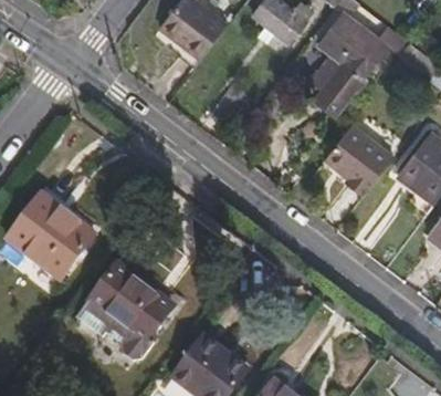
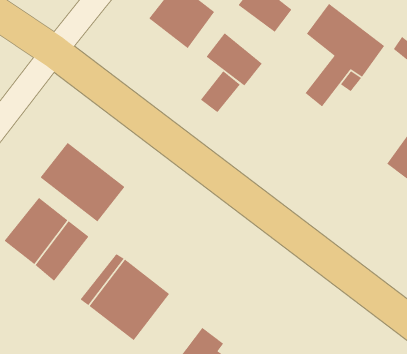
building: none -> [206,32,263,87]
building: [322,124,390,195] -> none
building: none -> [39,142,125,222]

